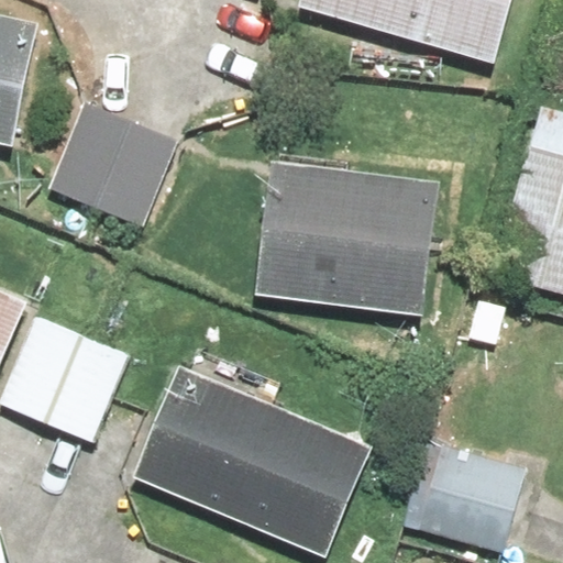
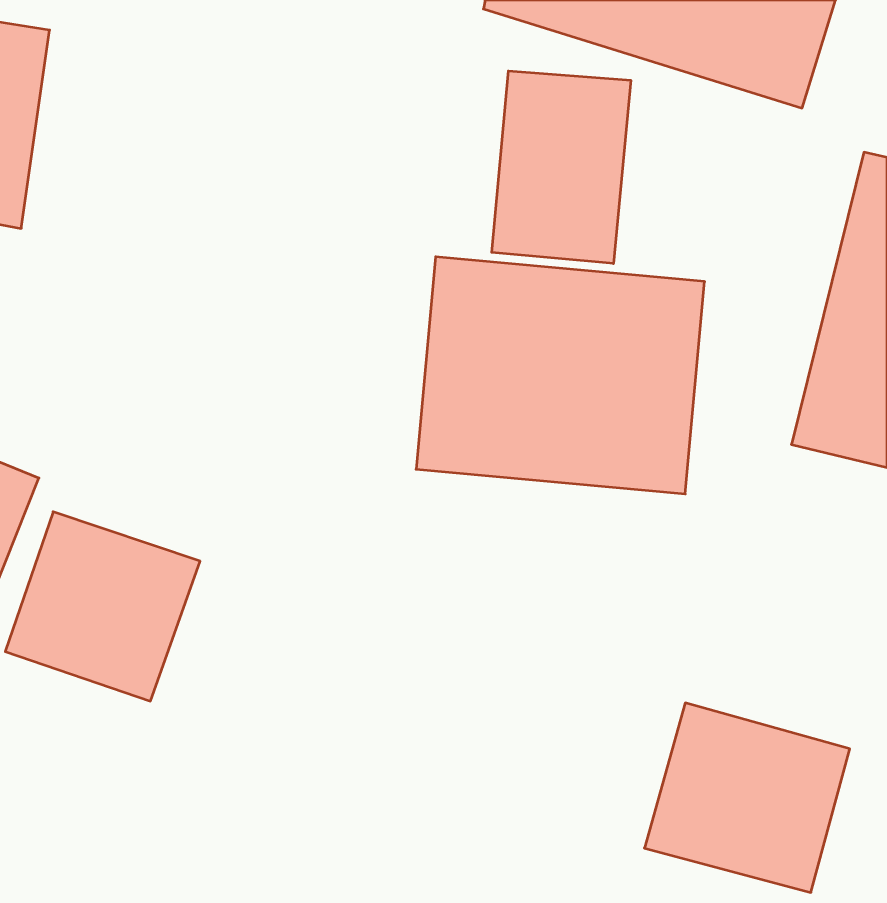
building: none -> [492,71,631,264]
building: [47,103,172,227] -> none
building: [142,375,372,547] -> none

